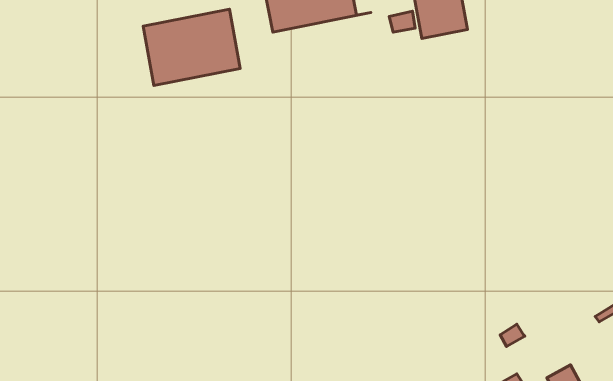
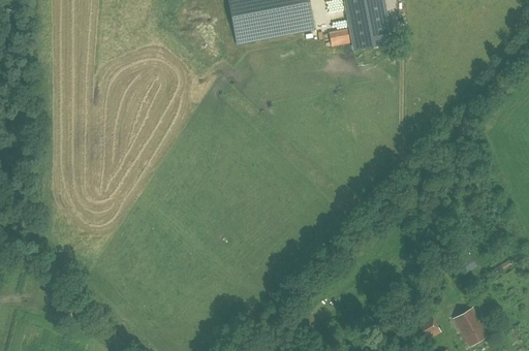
building: [143,9,240,85] -> none

